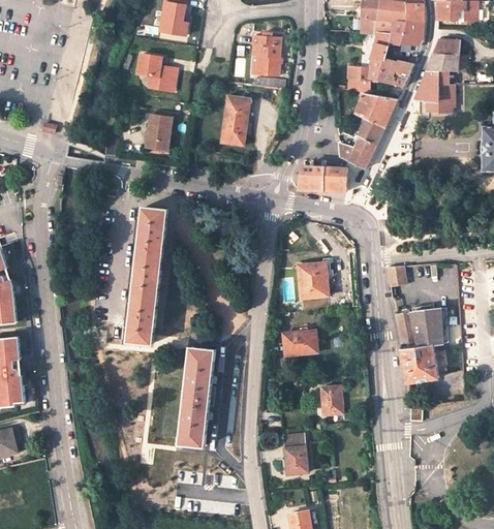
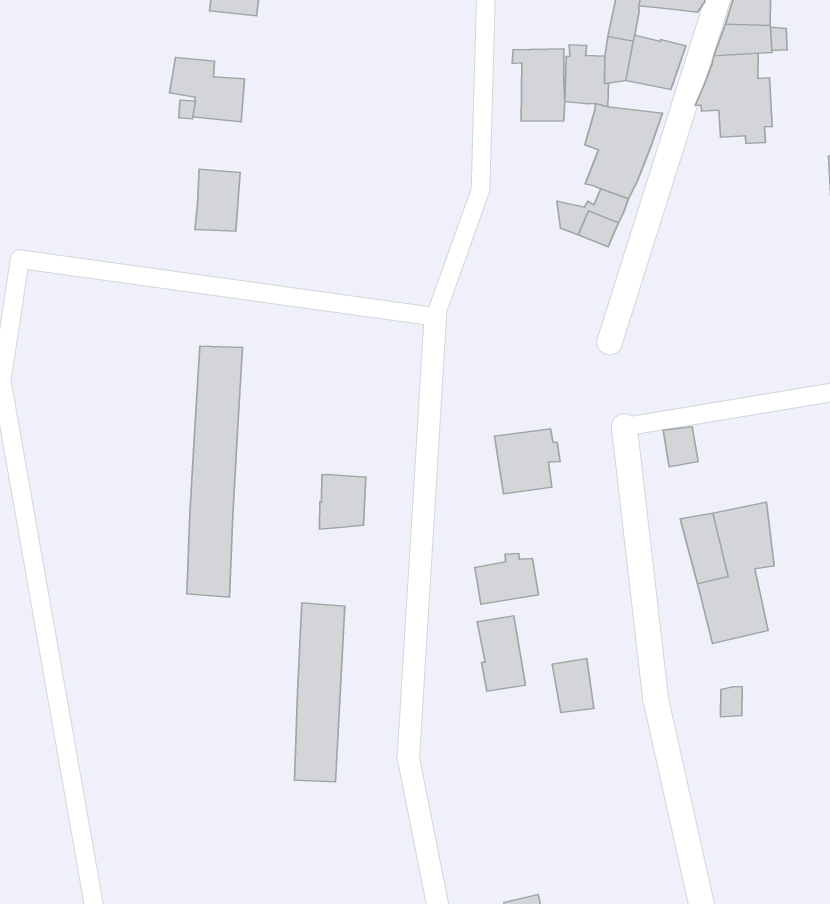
building: [251,36,279,75] -> [512,49,565,121]
building: [220,96,248,145] -> none
building: [300,161,346,191] -> none
building: none -> [319,475,366,529]
building: [283,435,307,474] -> [477,616,525,691]

